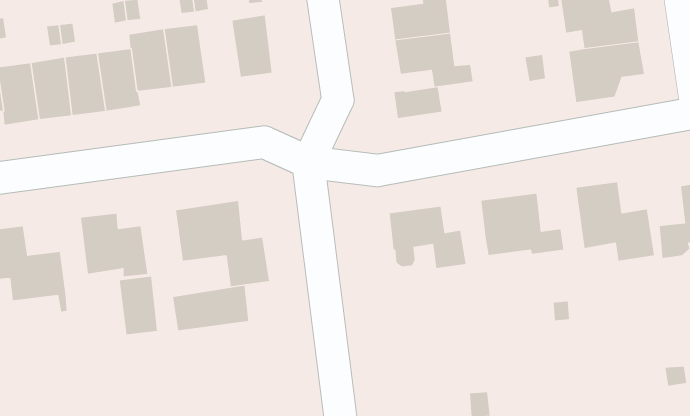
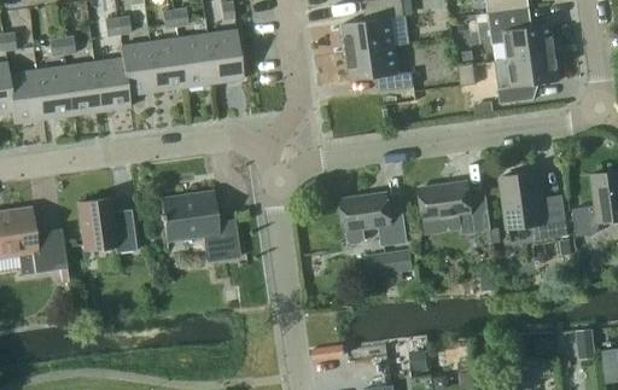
building: none -> [177,34,214,87]
building: [394,86,442,119] -> none
building: none -> [378,248,412,275]
building: [119,276,157,335] -> none
building: [173,285,249,331] -> none

